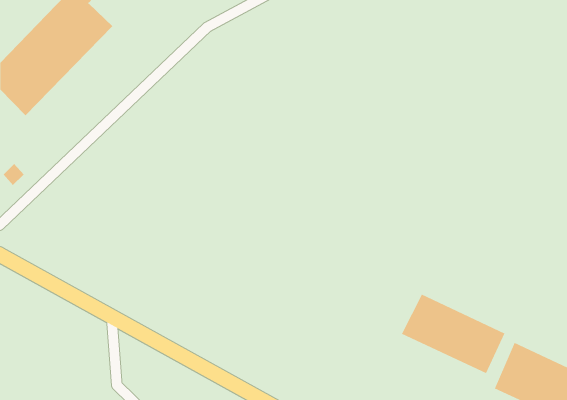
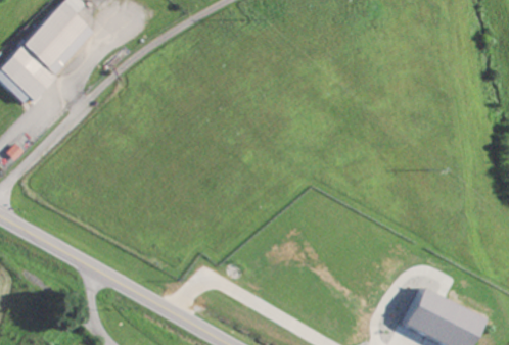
building: [401,293,505,374] -> none

